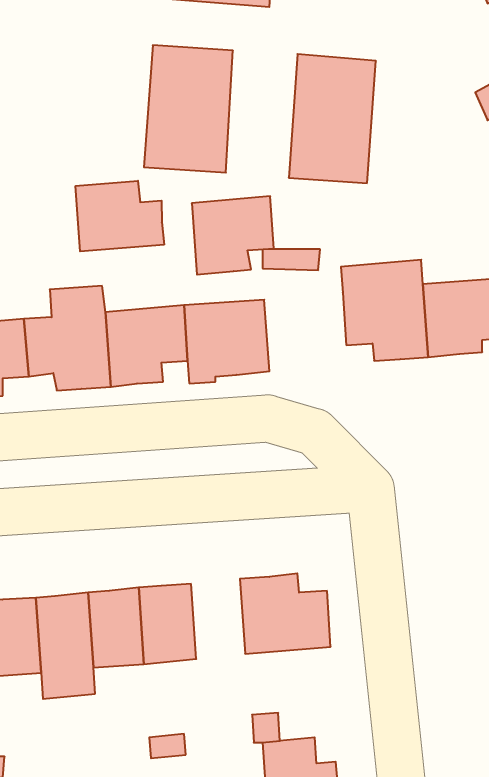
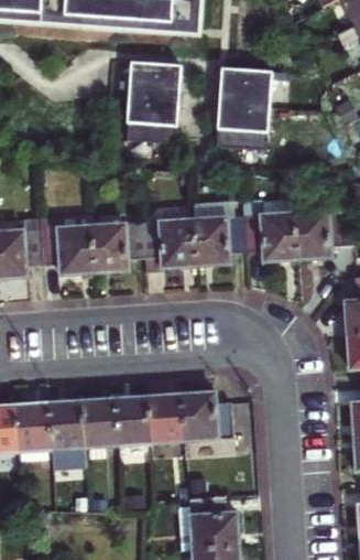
building: [76,181,164,251] -> none
building: [192,196,274,275] -> [195,216,247,266]
building: none -> [149,397,183,448]

